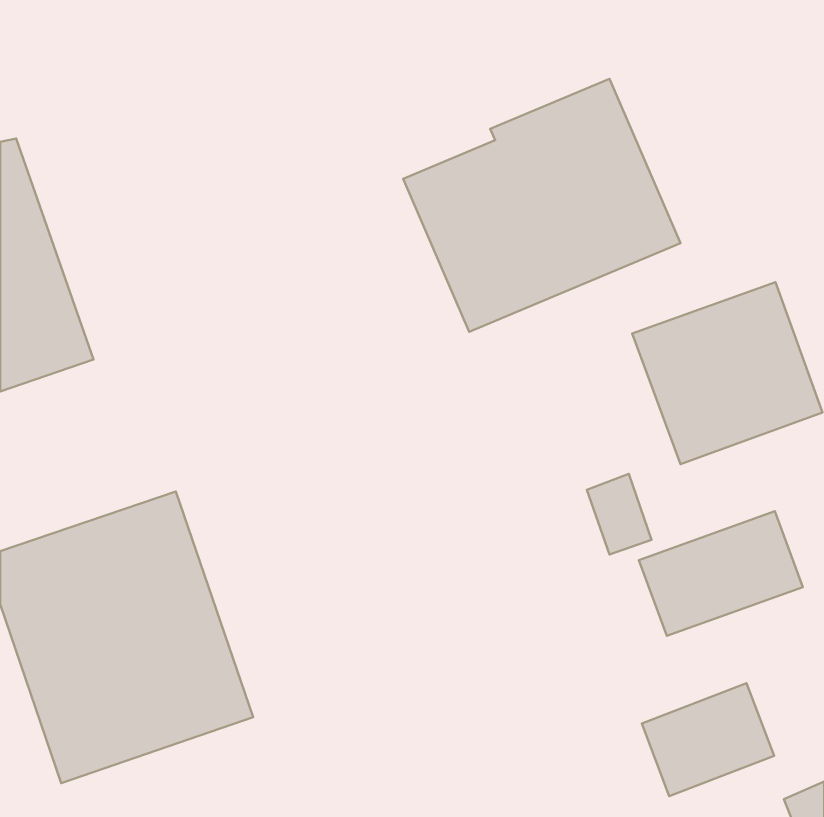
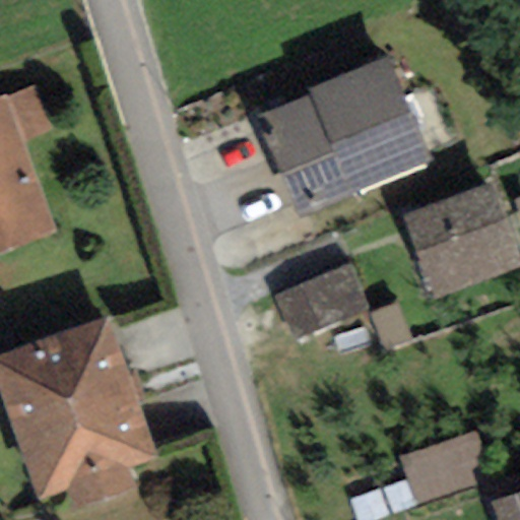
building: none -> [273,267,365,340]
building: [639,511,803,636] -> none

